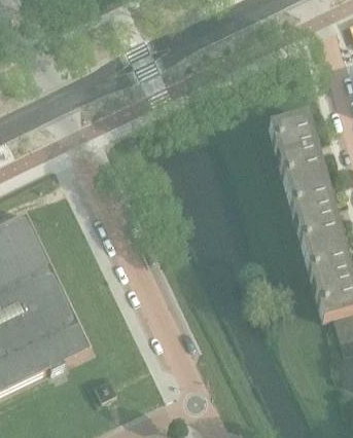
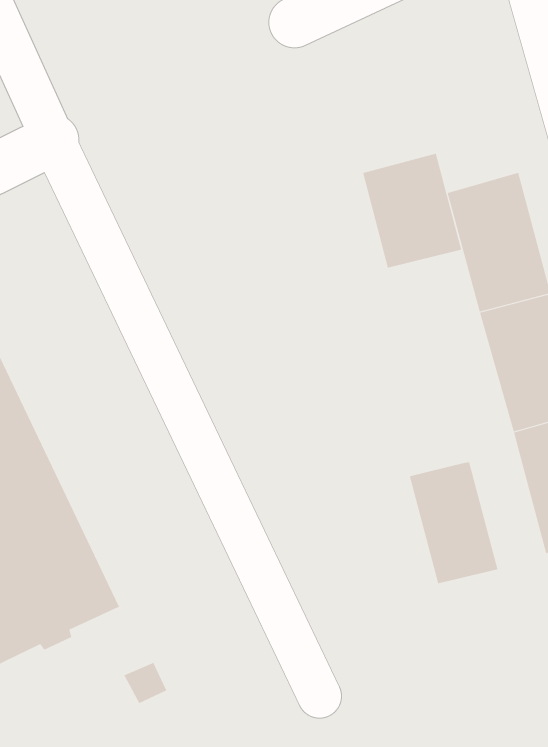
building: none -> [362,153,462,269]
building: none -> [409,461,498,584]

